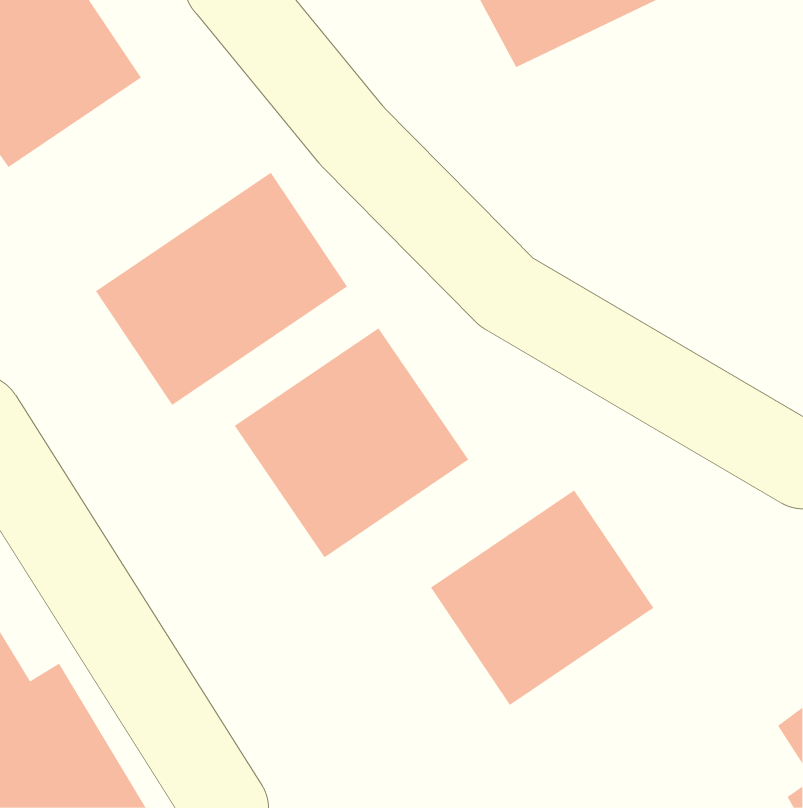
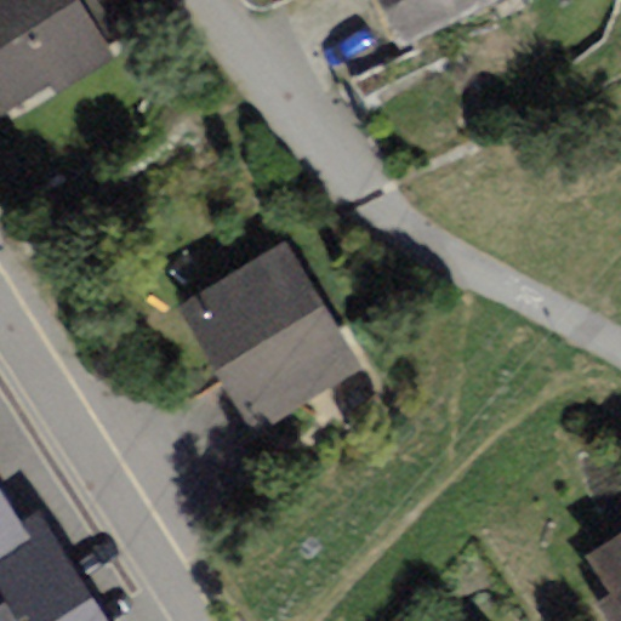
building: [95,172,348,406] -> none
building: [430,490,654,706] -> none

